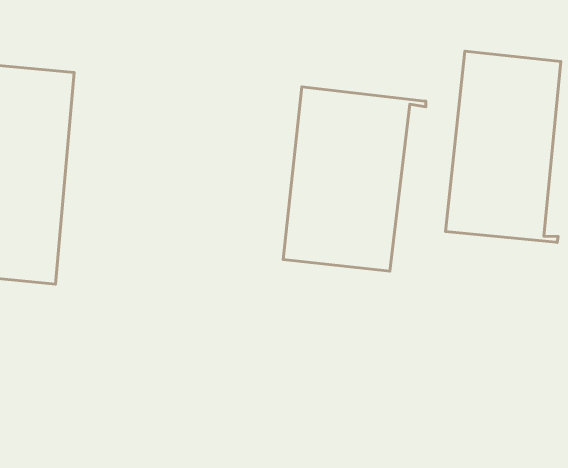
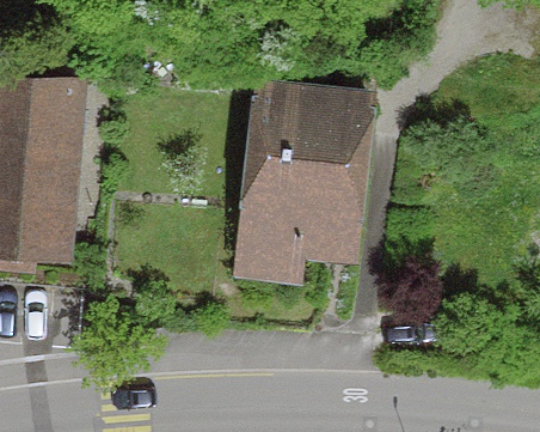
building: [445,51,561,243] -> none

